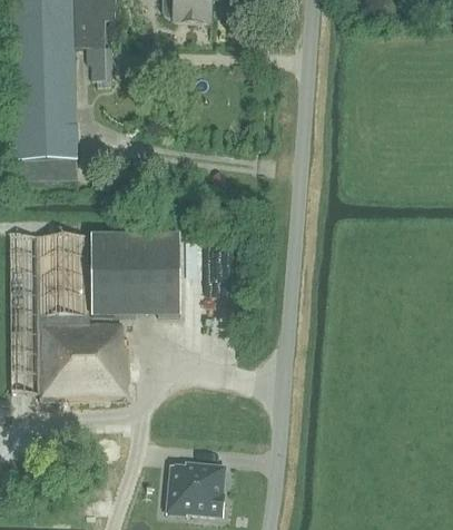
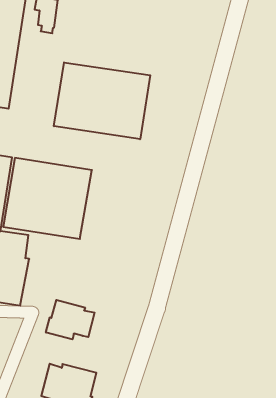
building: none -> [54,62,150,139]
building: none -> [46,300,95,339]

